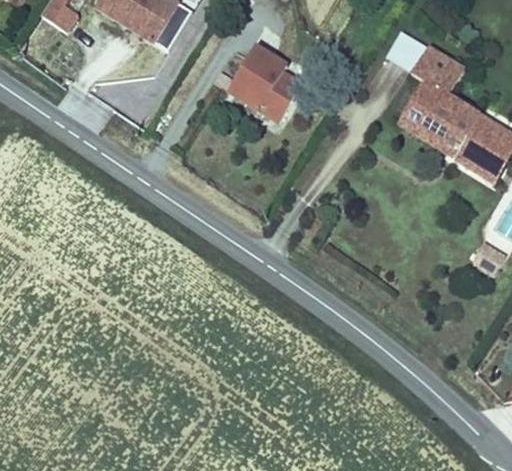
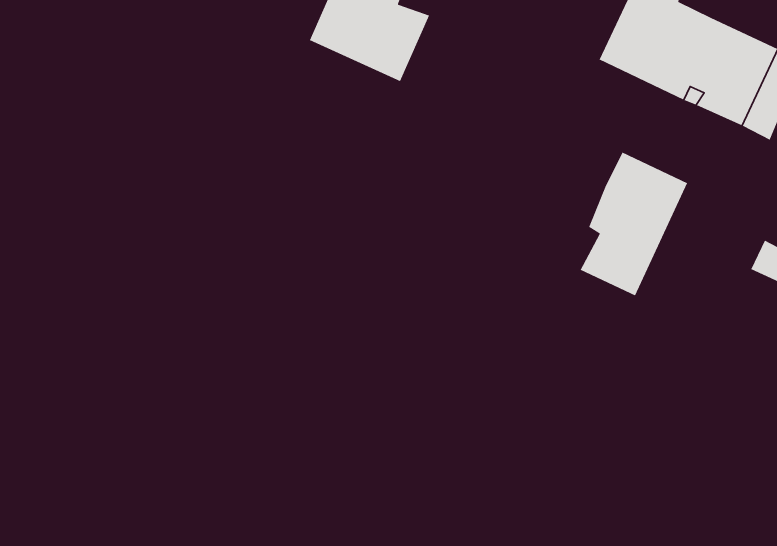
building: none -> [579,151,688,296]

